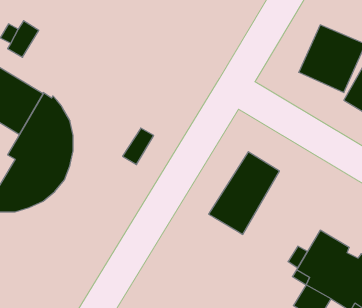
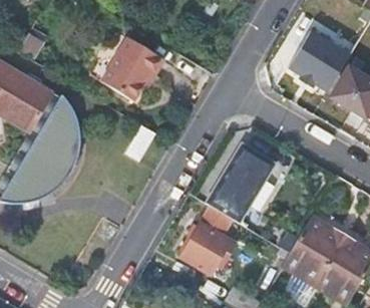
building: none -> [102,35,165,98]
building: none -> [182,206,234,274]

